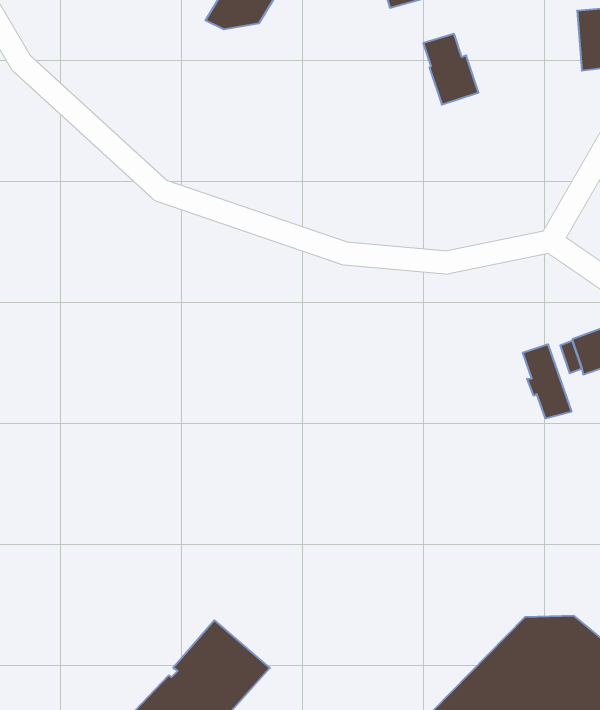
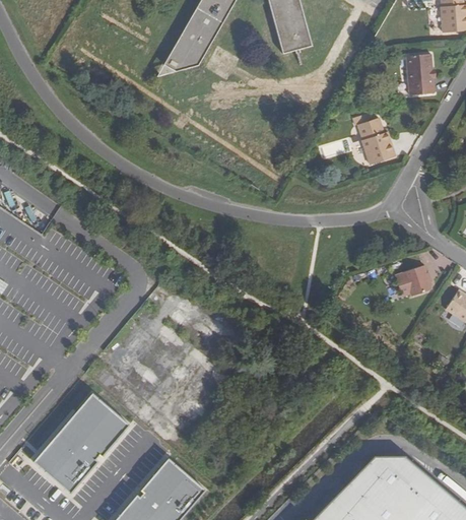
building: [423,34,479,105] -> [358,118,395,165]
building: [523,344,571,418] -> none
building: none -> [32,394,129,495]

